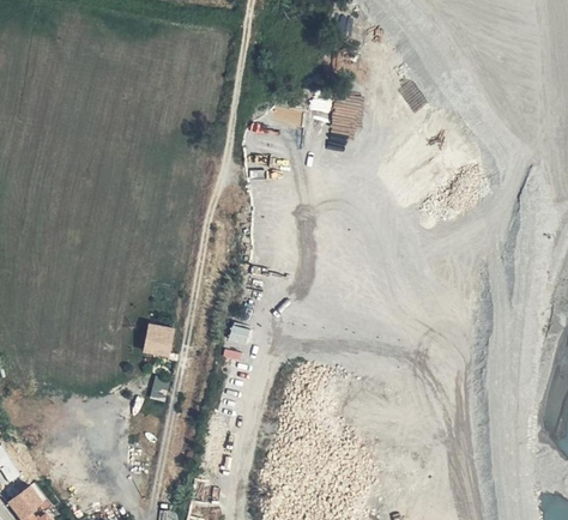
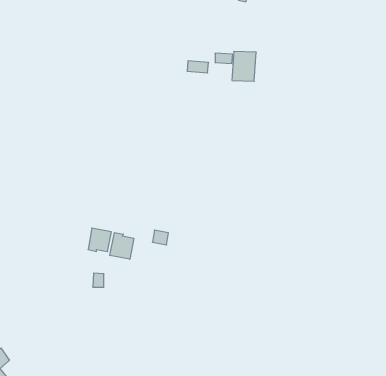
building: none -> [110,233,134,259]

